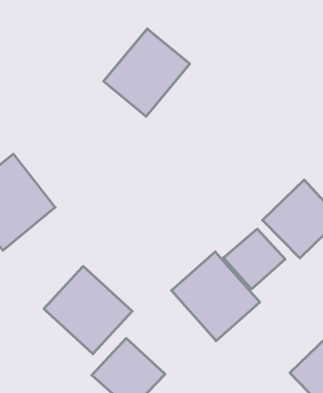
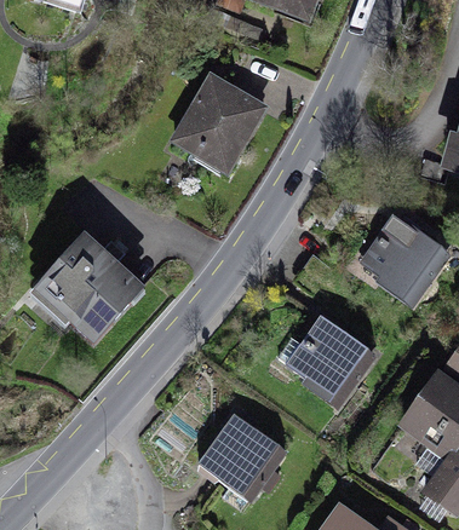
building: [223,229,285,289] -> none
building: [44,266,132,354] -> none

